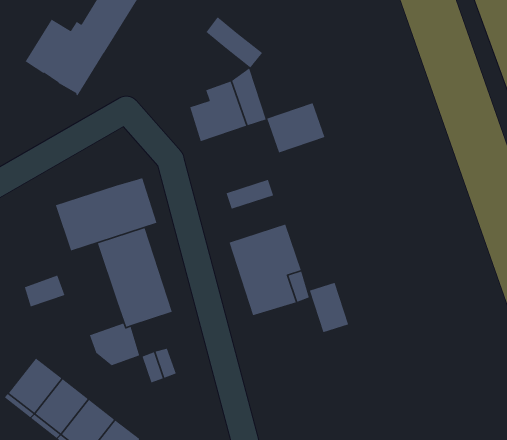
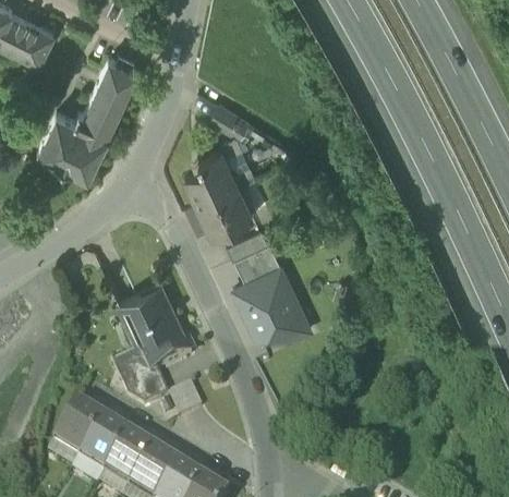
building: [266,102,325,153] -> [199,183,253,231]
building: [55,177,157,252] -> none
building: none -> [235,240,282,280]
building: [24,274,66,308] -> [114,349,152,380]
building: [309,282,349,333] -> none

